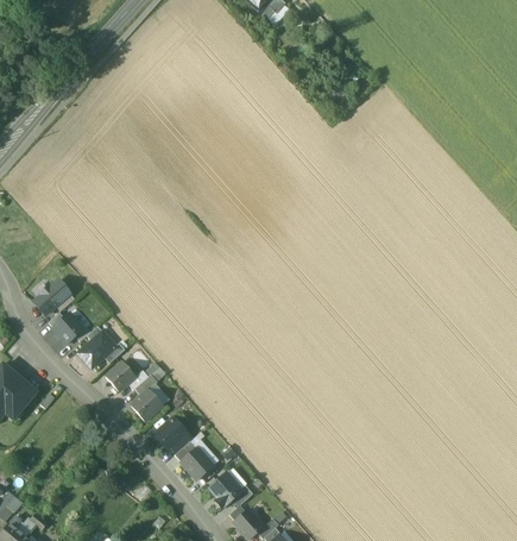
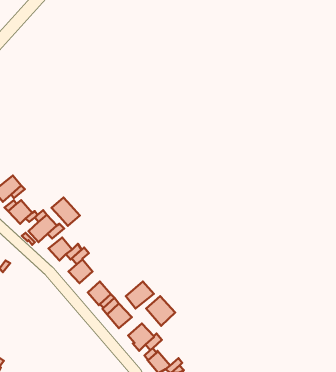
building: none -> [52,197,80,226]
building: none -> [126,281,154,308]
building: none -> [146,296,175,326]

